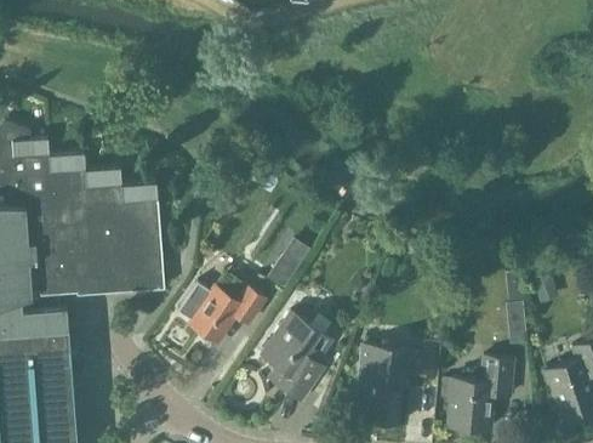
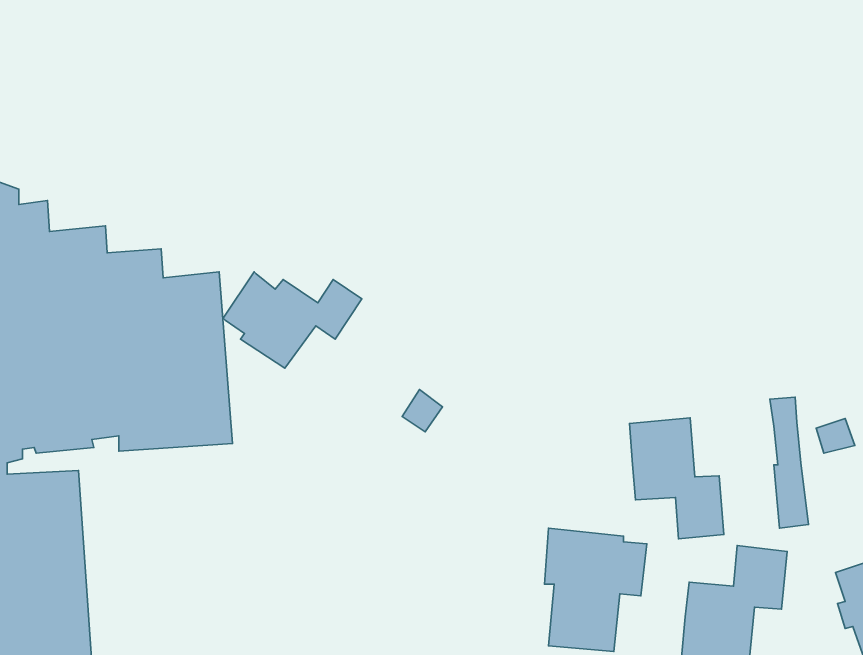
building: none -> [629,418,724,539]
building: [178,282,266,342] -> [223,272,362,368]
building: [262,313,331,401] -> none

